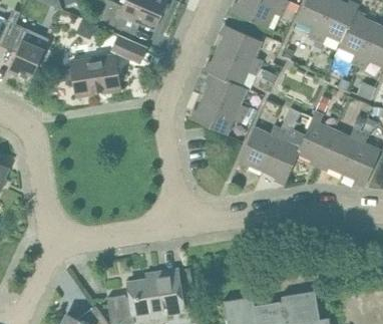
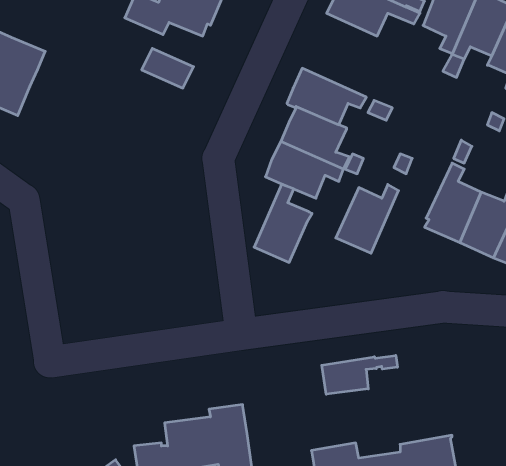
building: [218,25,263,67] -> none
building: [71,54,120,95] -> none
building: [263,128,301,180] -> [254,184,312,262]
building: none -> [322,355,397,394]

